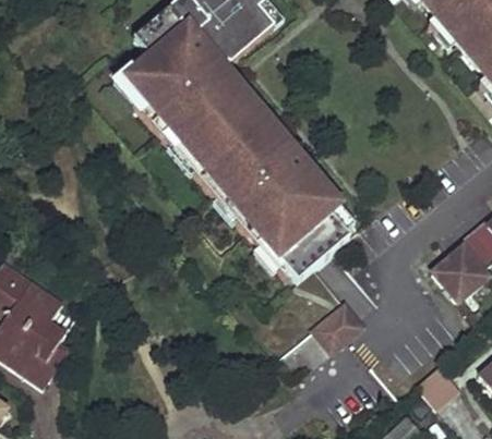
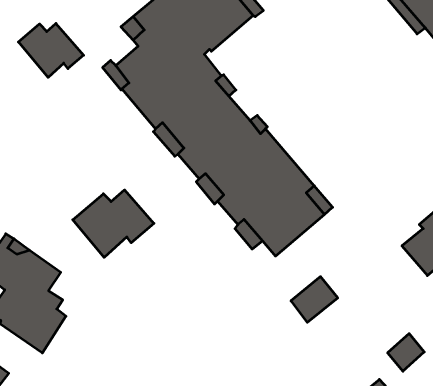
building: none -> [18,23,84,77]
building: none -> [73,190,154,257]

